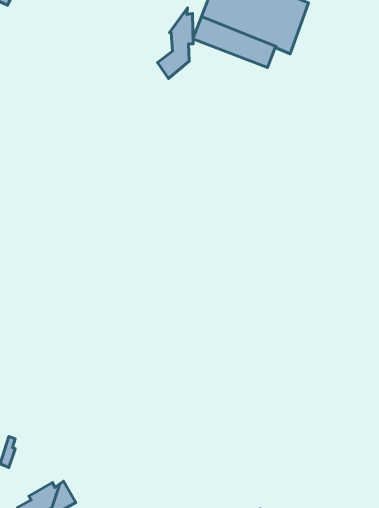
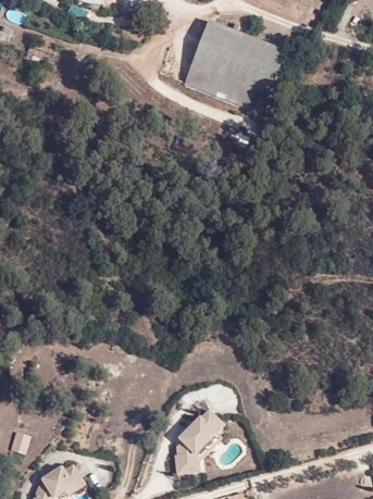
building: [158,8,193,79] -> none
building: none -> [167,409,228,477]

